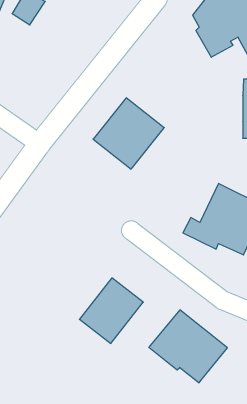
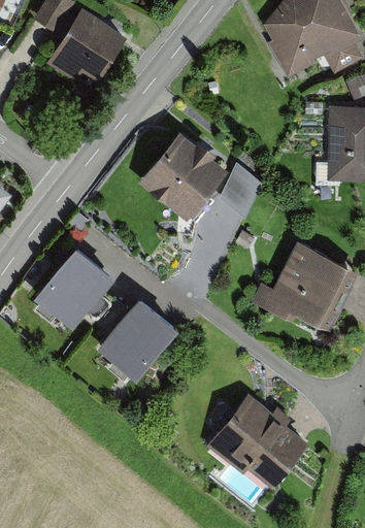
building: none -> [46,11,127,86]
building: none -> [33,242,115,327]
building: [79,278,143,343] -> [97,294,178,377]

